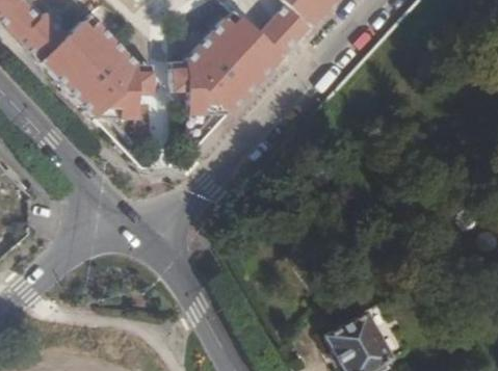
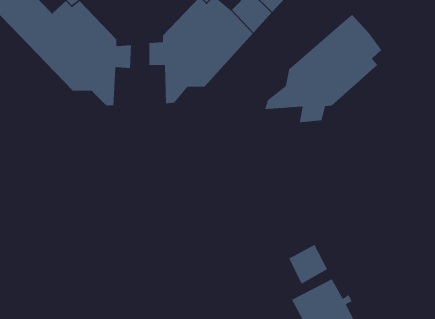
building: none -> [264,14,382,123]
building: none -> [288,244,328,285]

